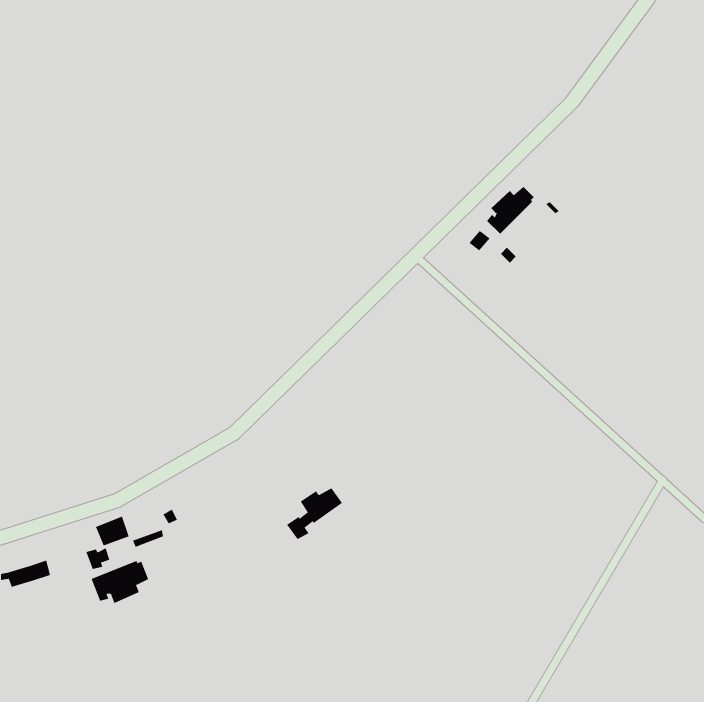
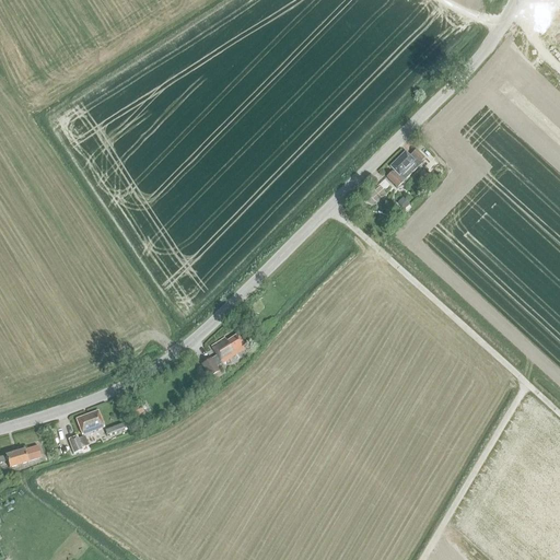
building: [286,488,343,540] -> [200,334,245,375]
building: [91,560,149,604] -> none

